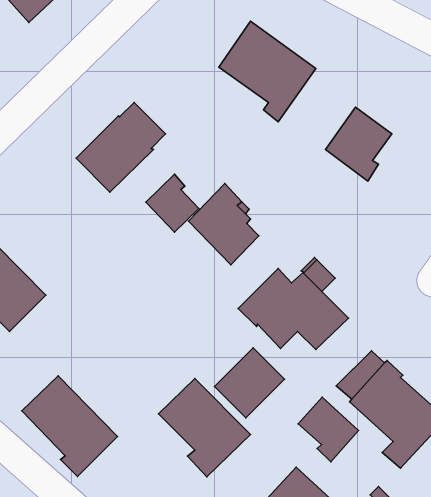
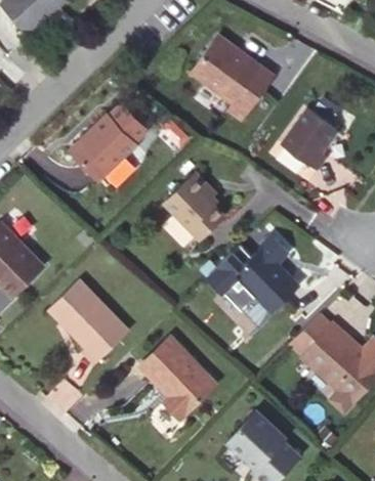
building: [146,174,199,232] -> none
building: [214,348,285,418] -> none
building: [22,376,117,476] -> [48,279,129,364]
building: [298,397,359,462] -> none

